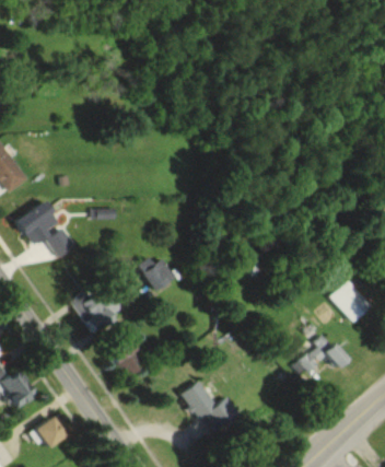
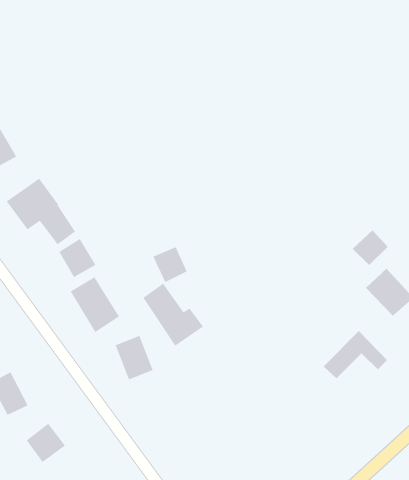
building: none -> [352,229,388,266]
building: none -> [59,238,96,278]
building: [180,380,234,435] -> [142,283,204,347]

